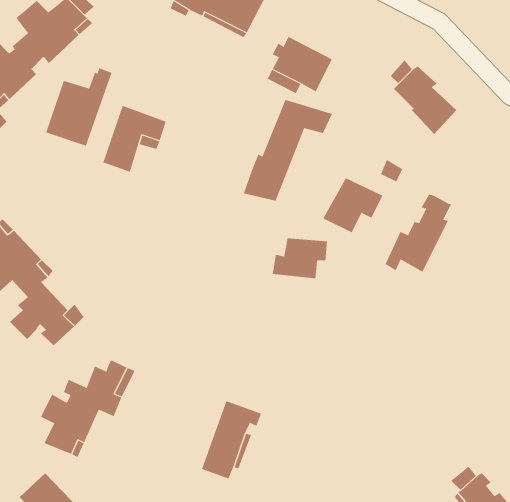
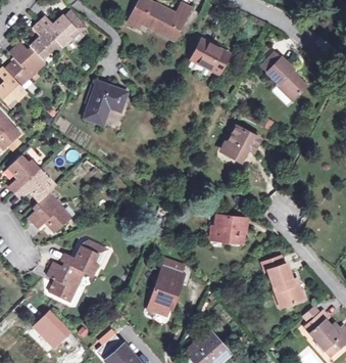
building: [45,68,112,147] -> none
building: [243,99,333,201] -> none
building: [385,194,452,272] -> none
building: [272,238,328,279] -> [212,217,247,242]
building: none -> [261,257,303,307]

